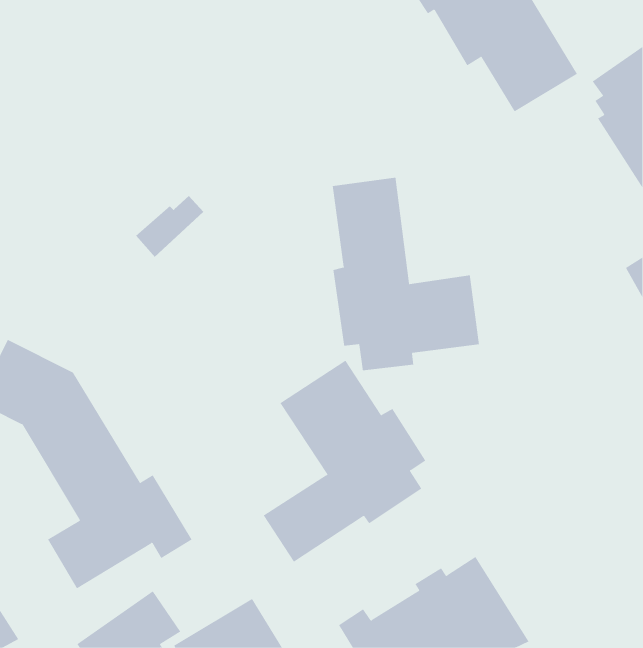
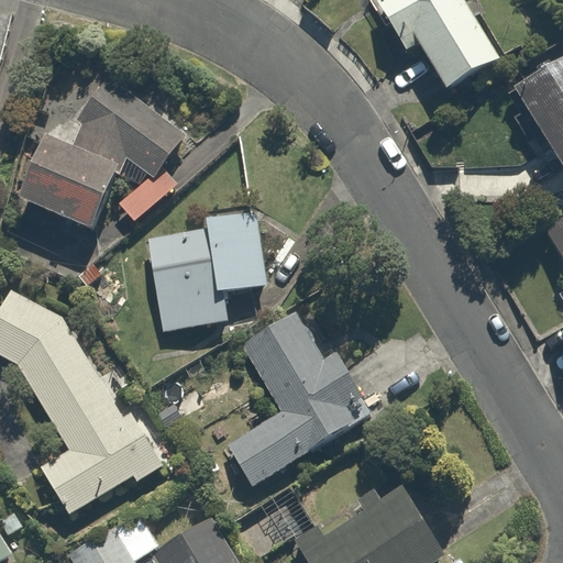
building: none -> [23,81,180,231]
building: [332,177,480,371] -> none
building: none -> [147,210,267,330]

